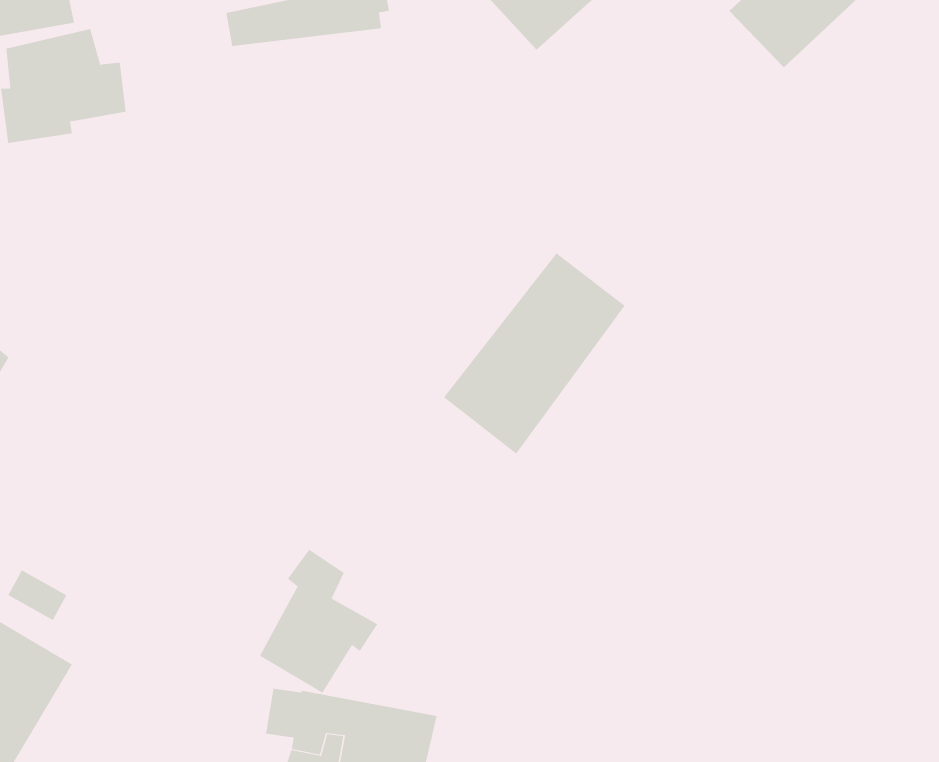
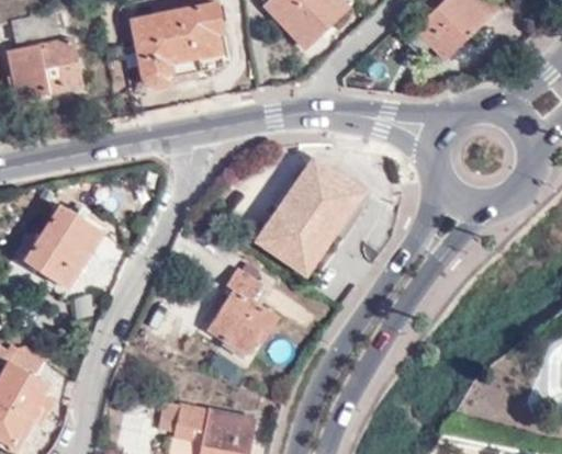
building: none -> [138,36,228,90]
building: none -> [15,207,103,287]
building: [259,549,378,694] -> [212,269,278,349]

